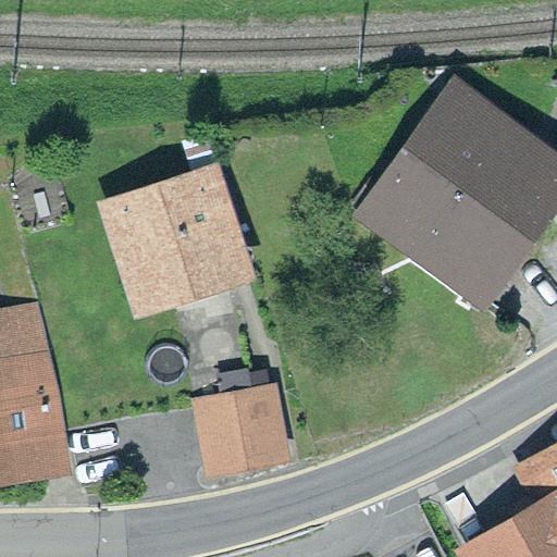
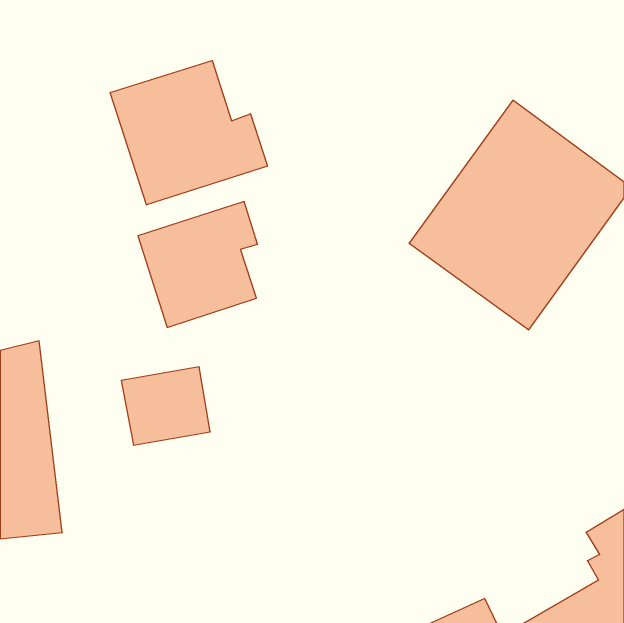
building: none -> [110,61,268,205]
building: [199,393,278,462] -> [121,367,210,445]

